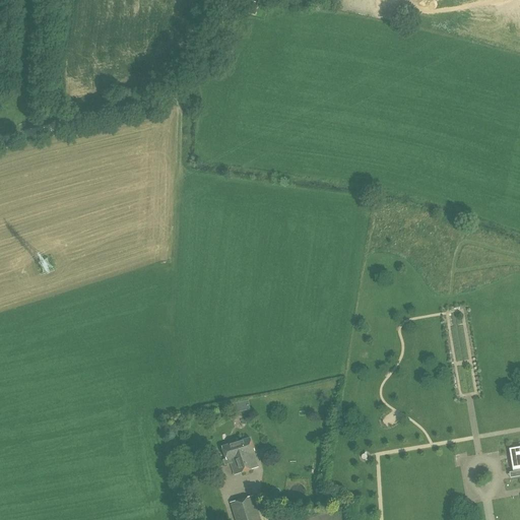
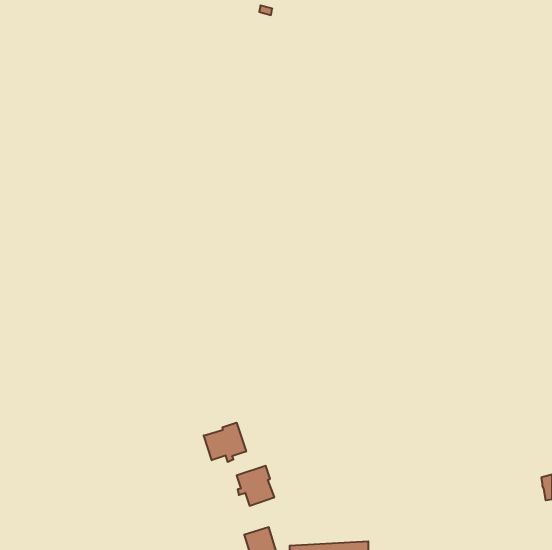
building: none -> [204,423,246,462]

